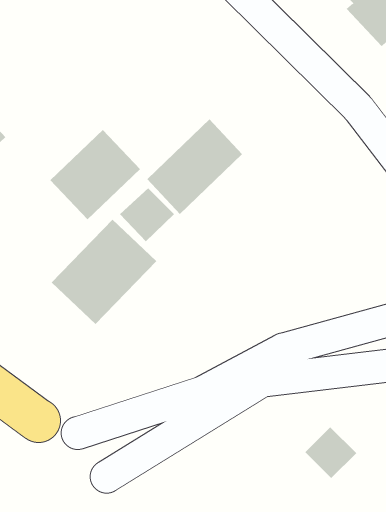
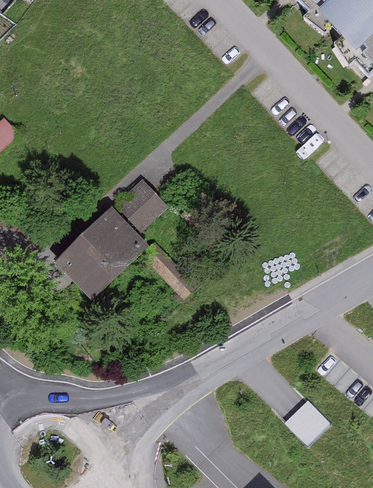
building: [146,119,243,215] -> none
building: [50,129,141,220] -> none

